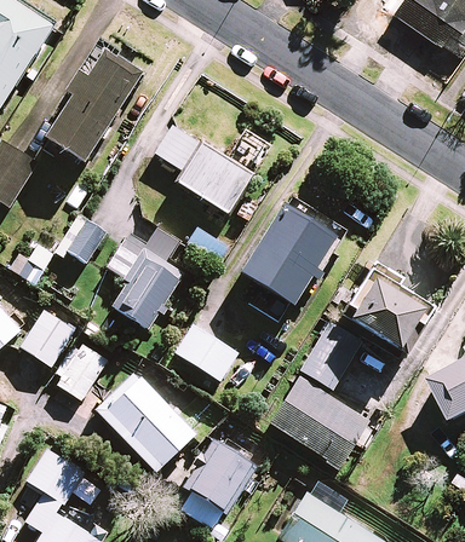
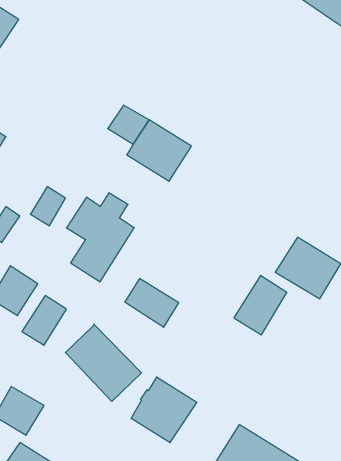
building: [46,50,142,162] -> none
building: [240,202,333,301] -> none
building: [93,371,160,469] -> none
building: [268,374,367,467] -> none

